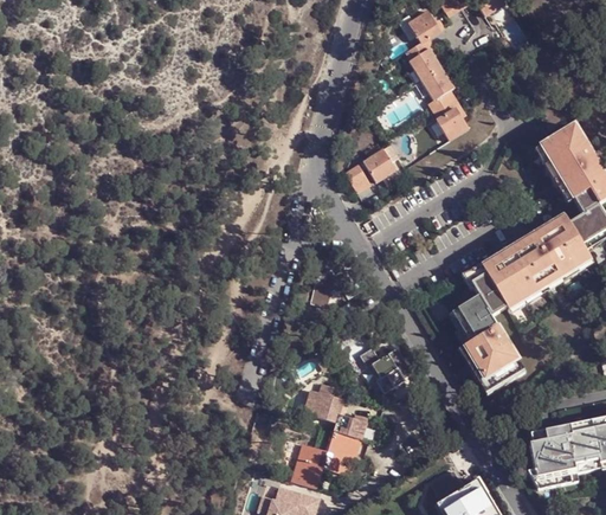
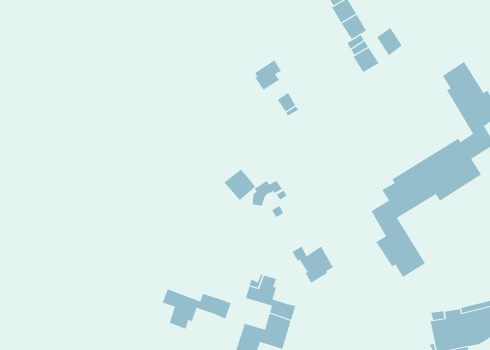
building: none -> [376,27,403,56]
building: [363,141,397,179] -> [255,59,282,90]
building: none -> [224,169,256,201]
building: none -> [162,289,231,330]

